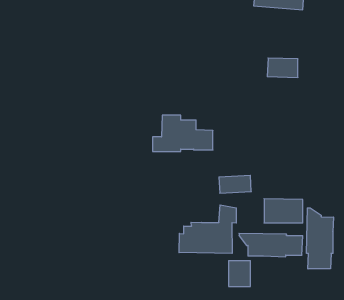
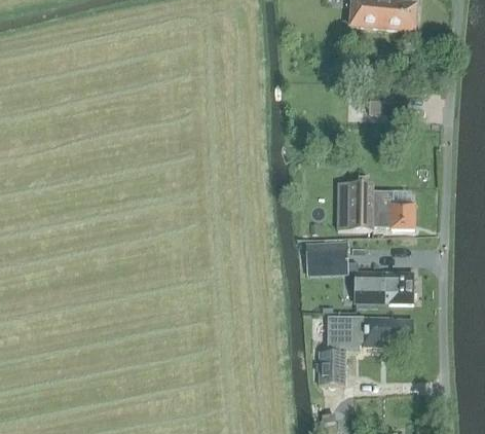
building: [153,115,213,151] -> [335,183,412,229]
building: [179,205,236,253] -> none
building: [307,208,333,269] -> none

